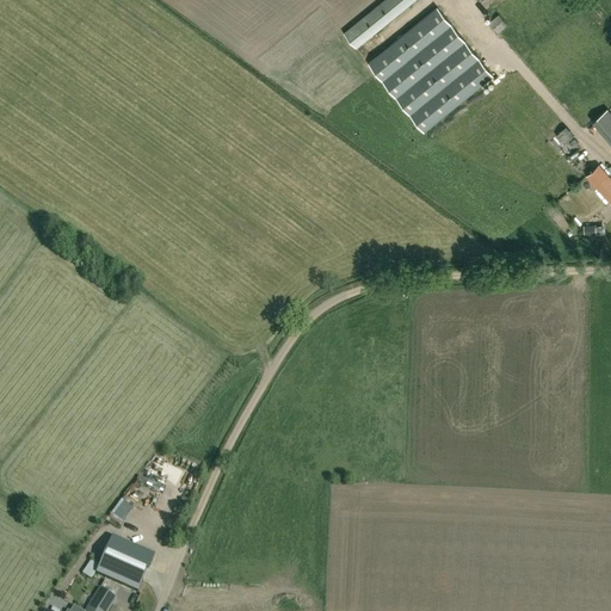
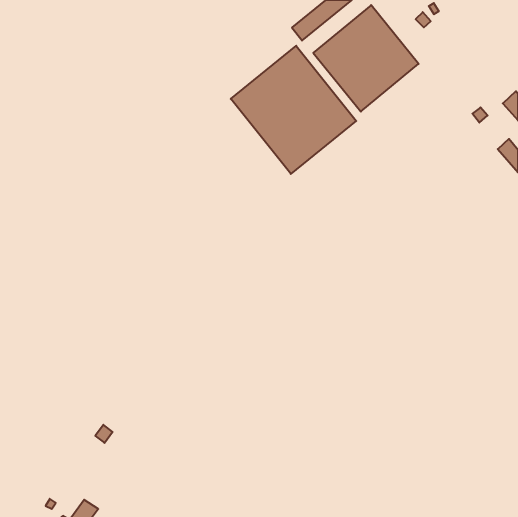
building: none -> [231,46,356,174]
building: [97,541,153,593] -> none

